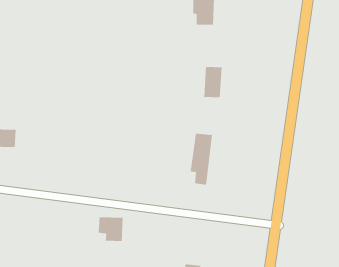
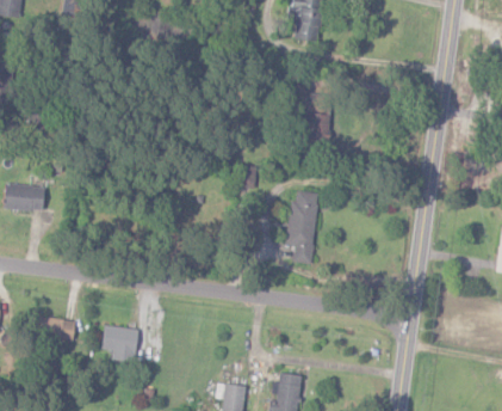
building: [98,217,123,242] -> [101,326,137,361]
building: none -> [35,317,74,339]

